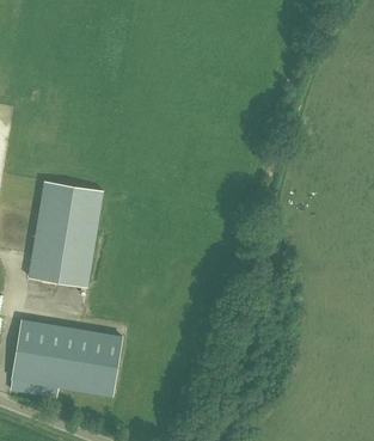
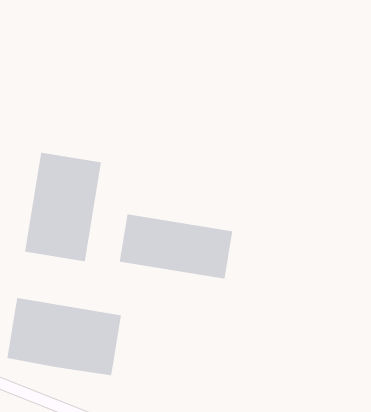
building: none -> [119,213,233,279]

